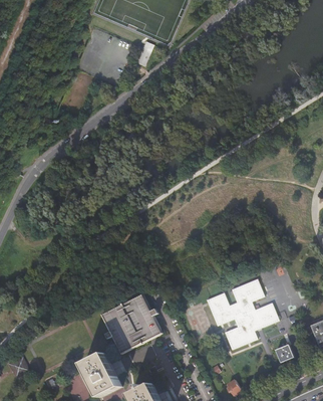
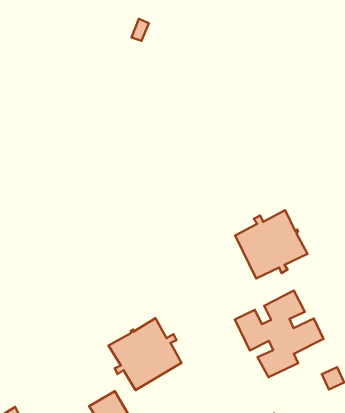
building: none -> [235,210,307,278]

